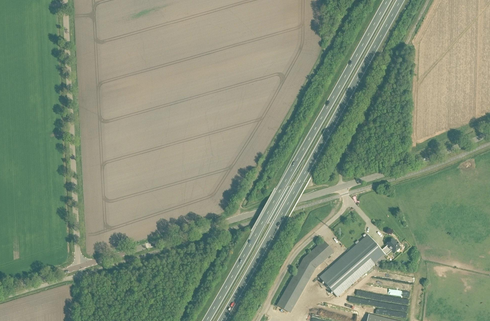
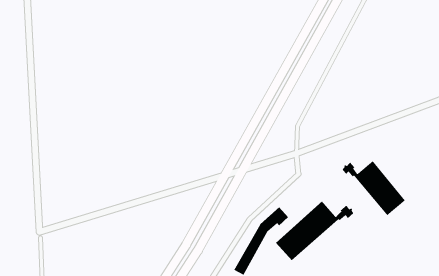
building: none -> [341,160,406,216]

